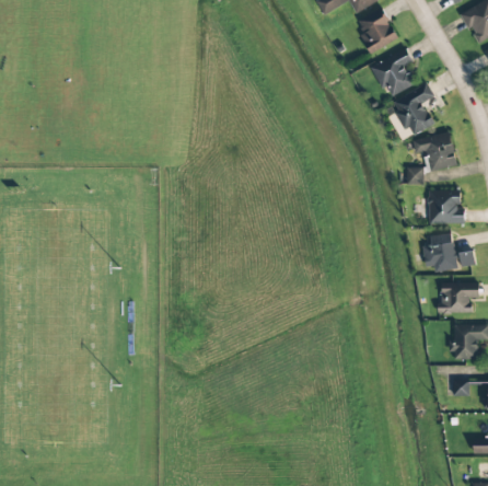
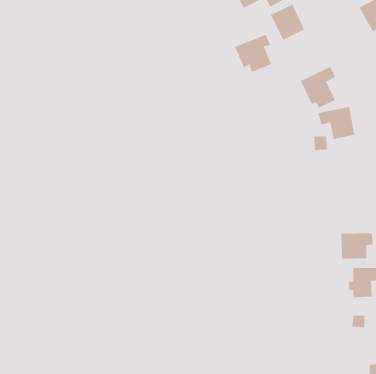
building: [370,50,415,96] -> [234,34,272,72]
building: [428,190,465,224] -> none
building: [423,234,476,273] -> none

